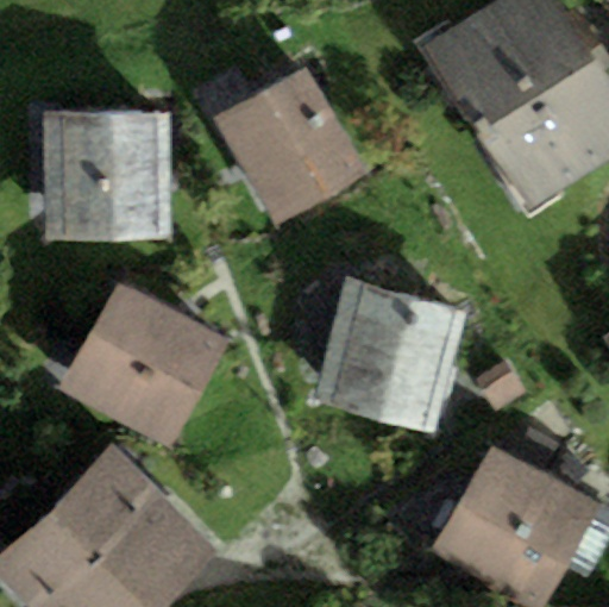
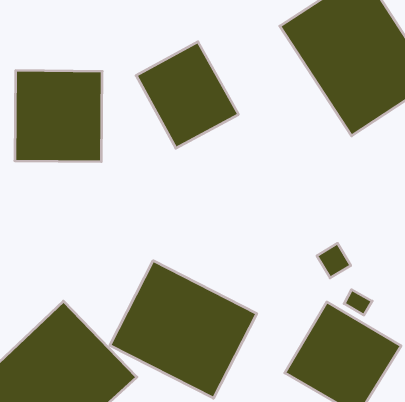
building: [312,280,465,434] -> none
building: [62,284,231,451] -> none
building: none -> [110,261,257,398]

